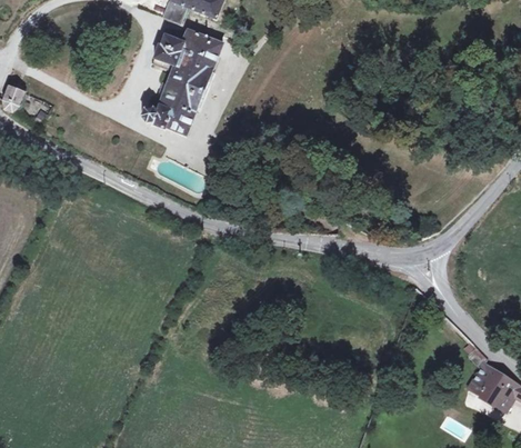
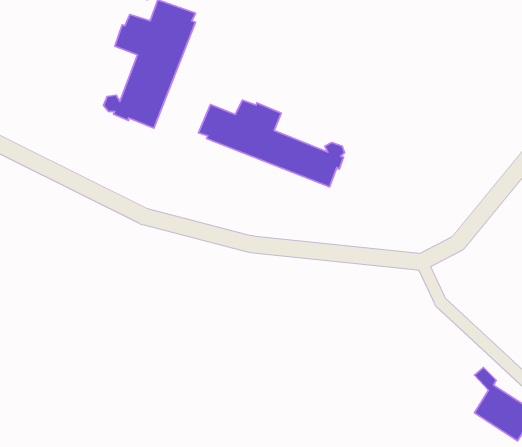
building: none -> [198,100,345,187]

